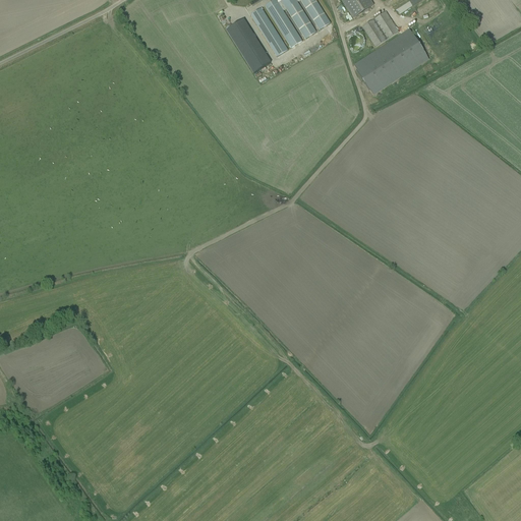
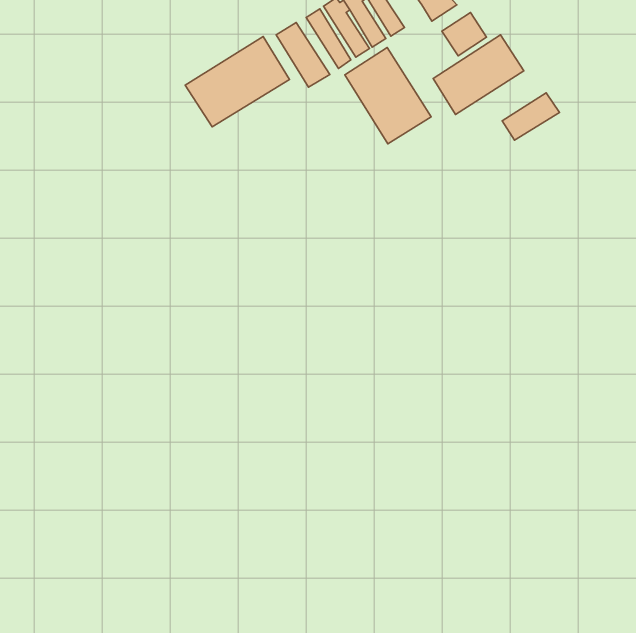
building: none -> [185,36,289,127]
building: none -> [345,47,431,144]
building: none -> [502,93,560,140]

